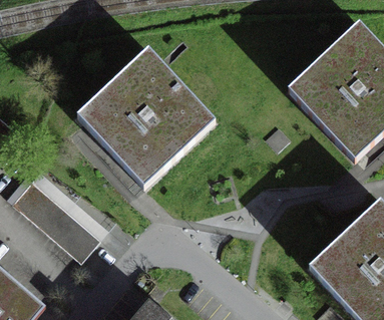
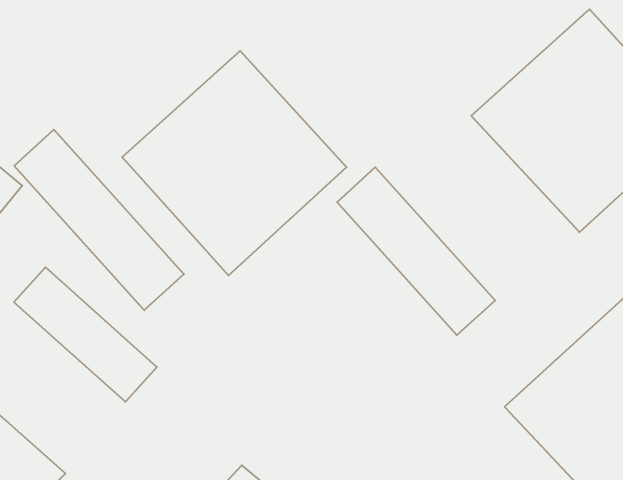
building: none -> [14,130,184,310]
building: none -> [337,167,495,335]

